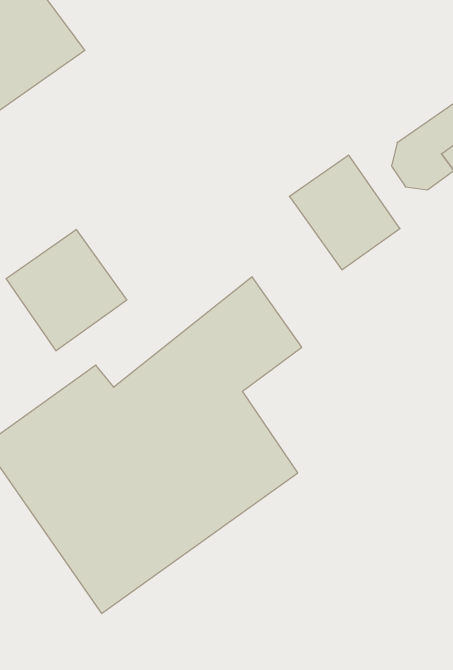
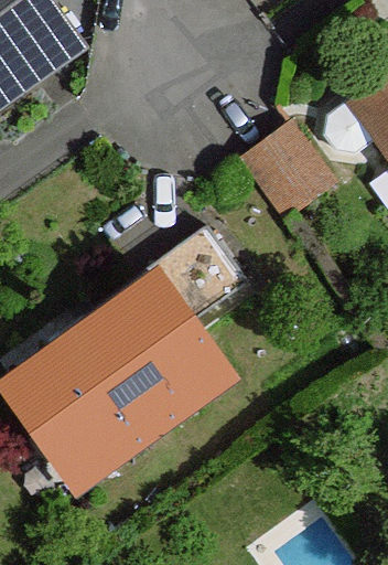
building: [6,229,127,351] -> none

